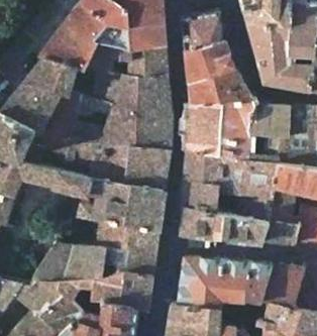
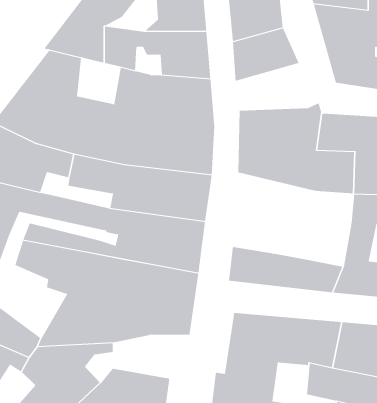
building: [186,66,250,102] -> none
building: [181,149,277,221] -> none
building: [92,273,151,308] -> none

